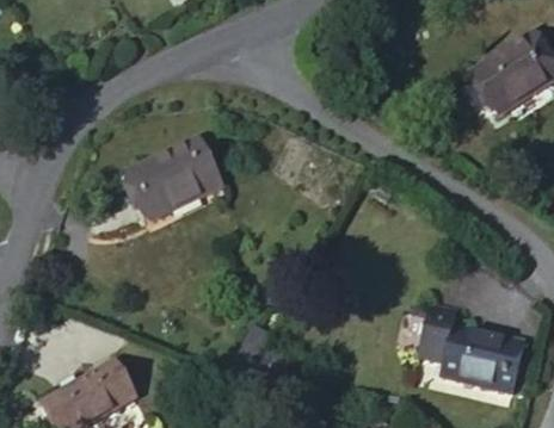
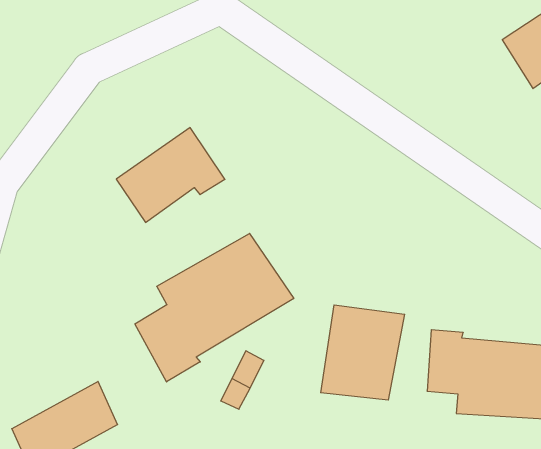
building: none -> [135,233,294,382]
building: none -> [321,305,405,400]

